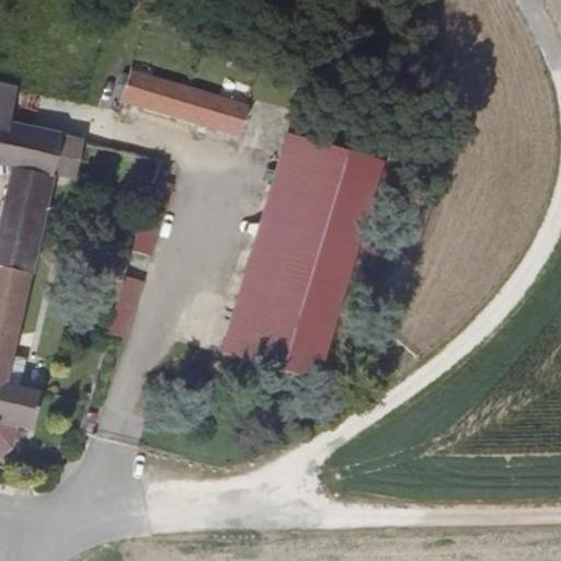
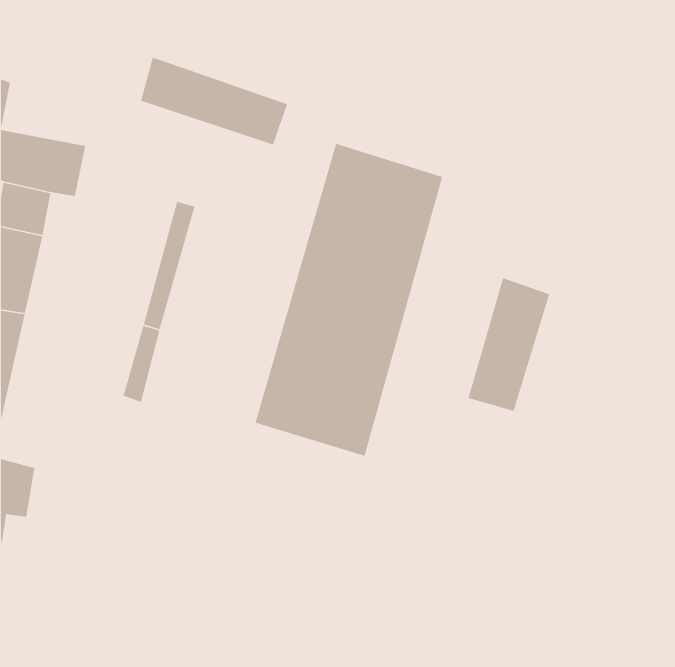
building: none -> [467,277,550,412]

